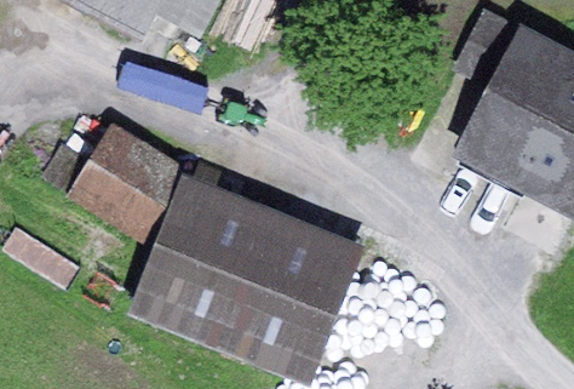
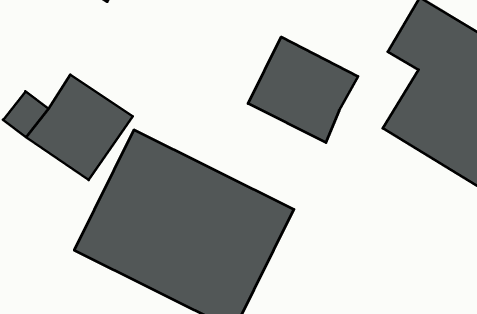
building: none -> [248,37,358,143]

